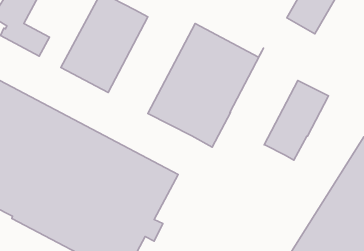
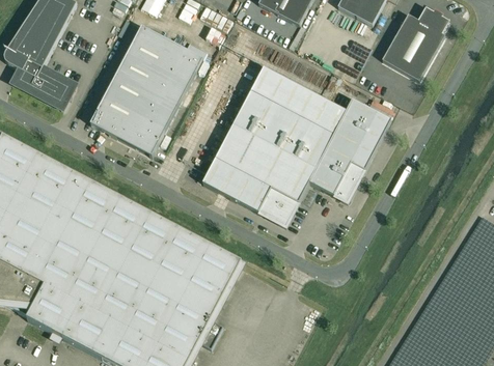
building: [264,81,328,160] -> [308,97,391,200]

